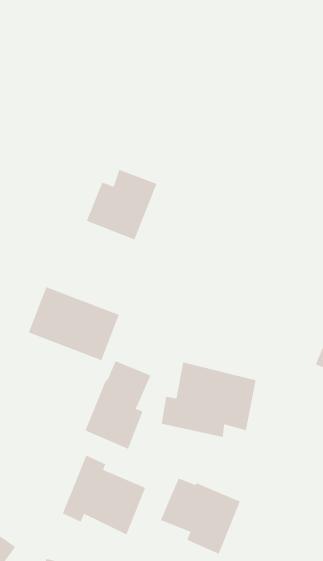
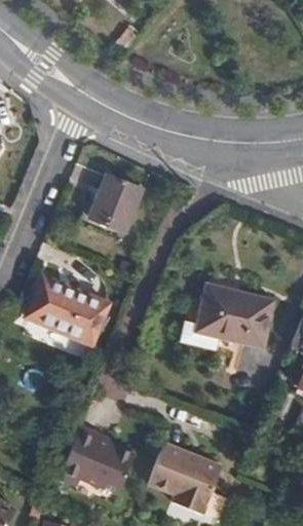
building: [84,360,151,450] -> none
building: [161,362,257,438] -> [181,283,267,351]

